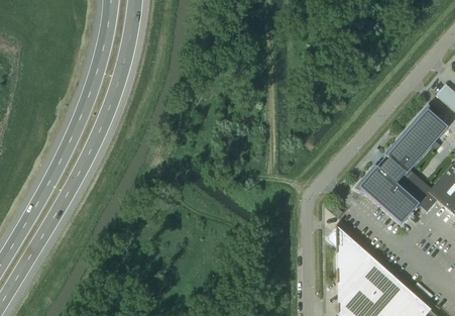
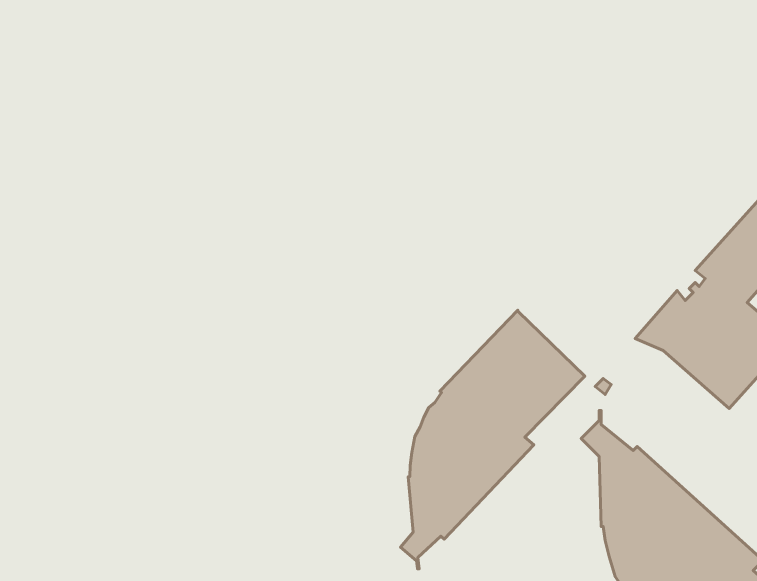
building: none -> [401,310,585,569]

